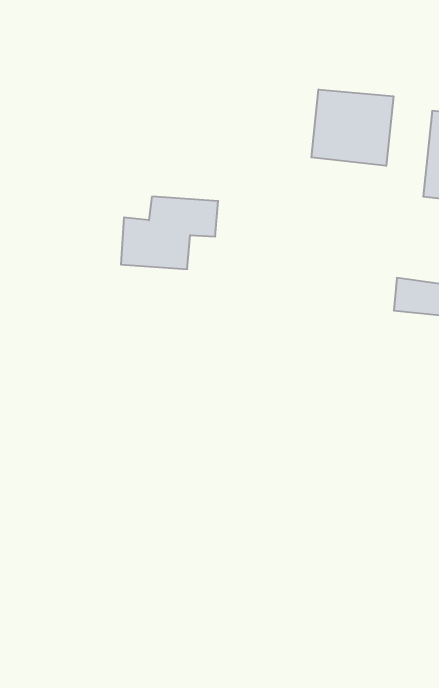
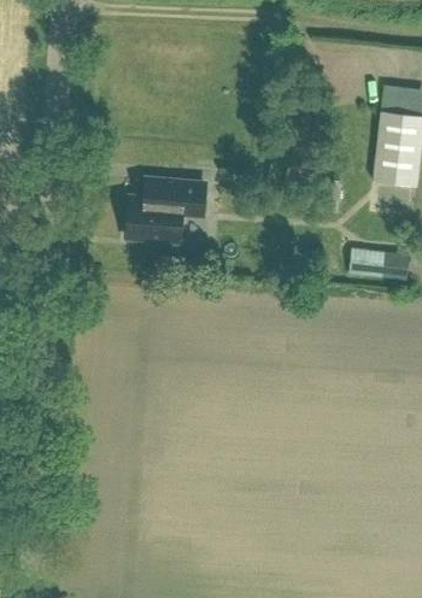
building: [311,89,394,166] -> none

